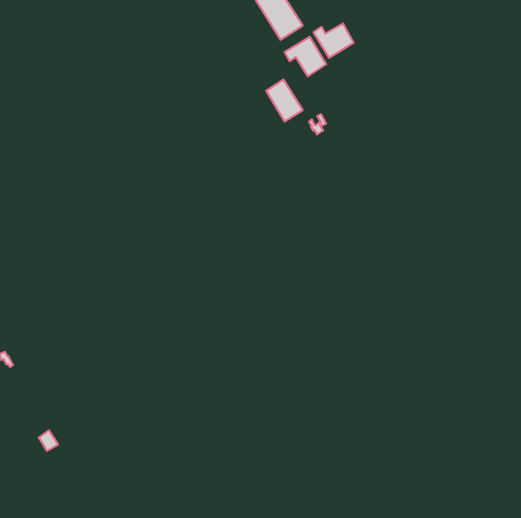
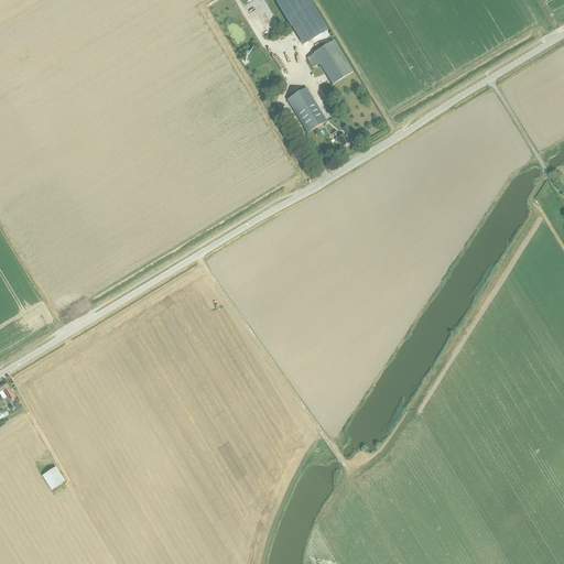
building: [314,23,354,58] -> none

